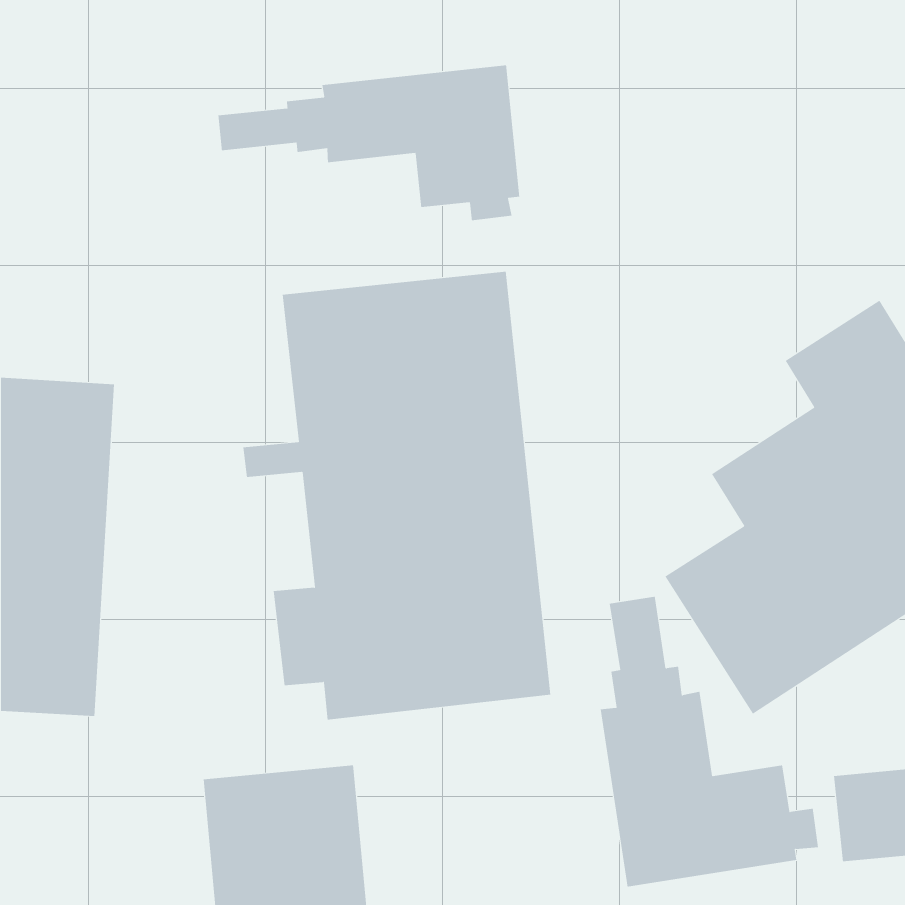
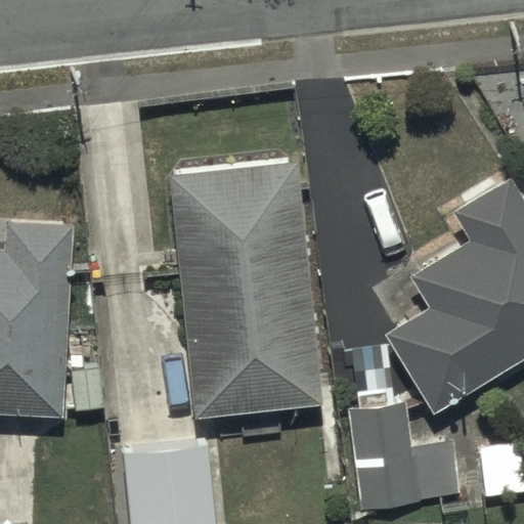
building: [218,65,520,221] -> none

